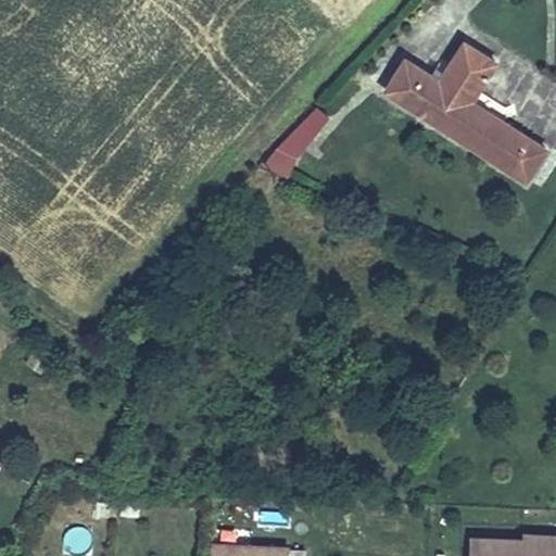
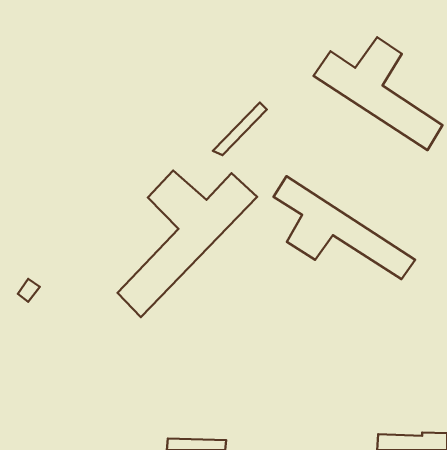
building: none -> [117,171,257,317]
building: none -> [274,176,415,279]

